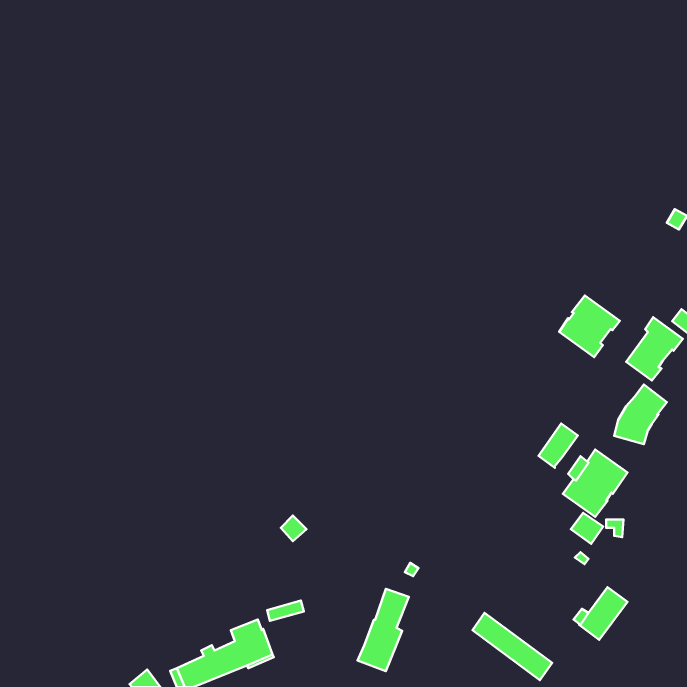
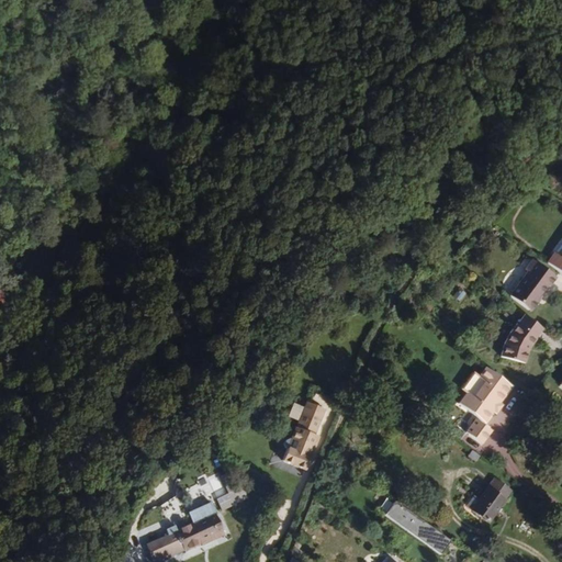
building: [559,295,620,357] -> none
building: [539,424,578,468] -> none
building: [358,589,409,671] -> [283,401,325,468]

